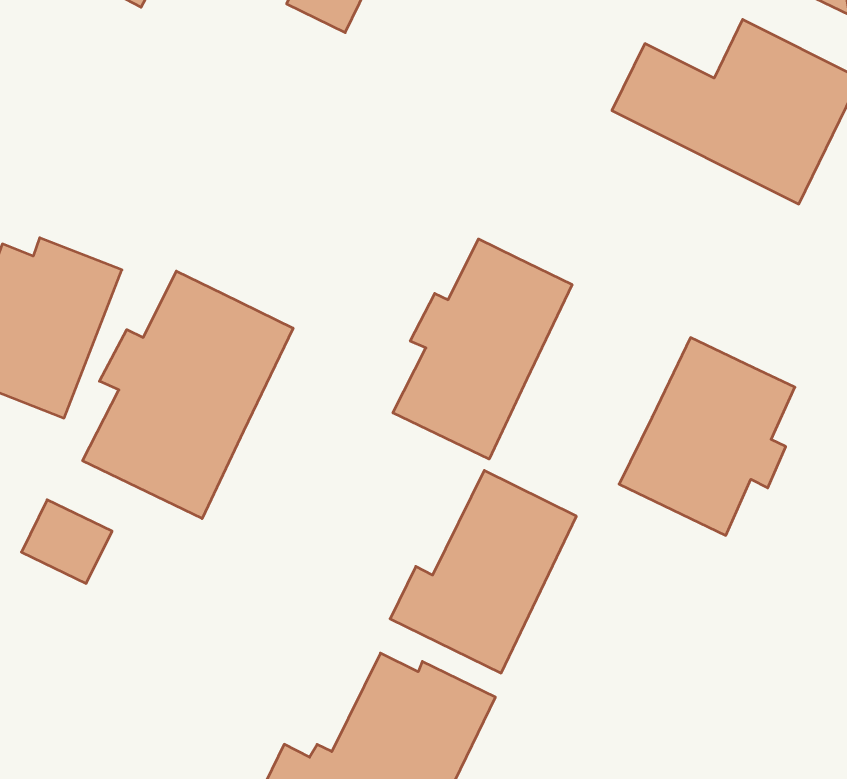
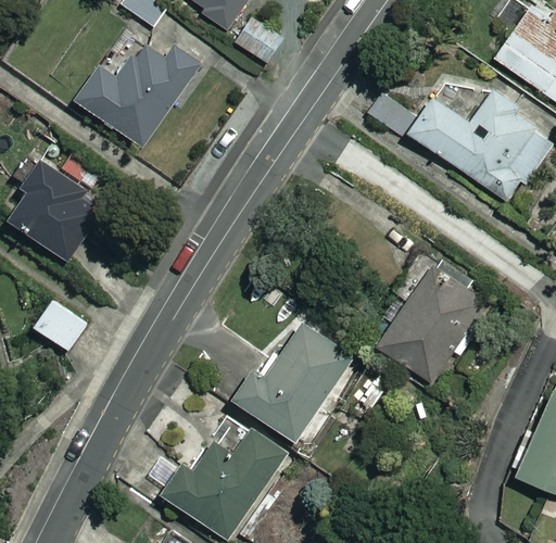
building: none -> [75,37,206,148]
building: [393,239,572,459] -> none
building: [83,271,293,519] -> none

